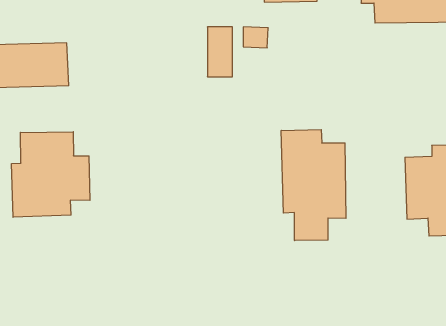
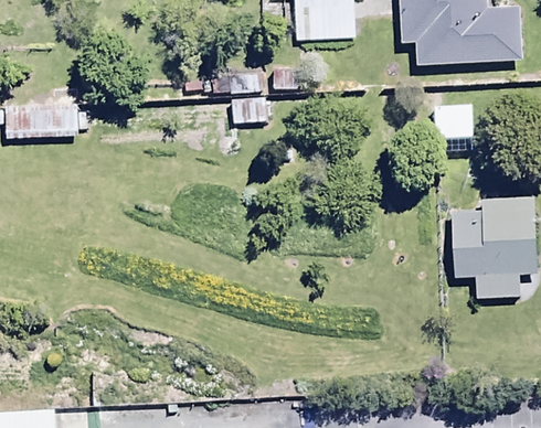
building: [281,130,346,241] -> none
building: [12,132,90,217] -> none

